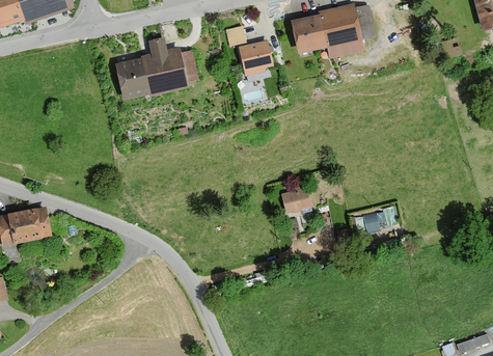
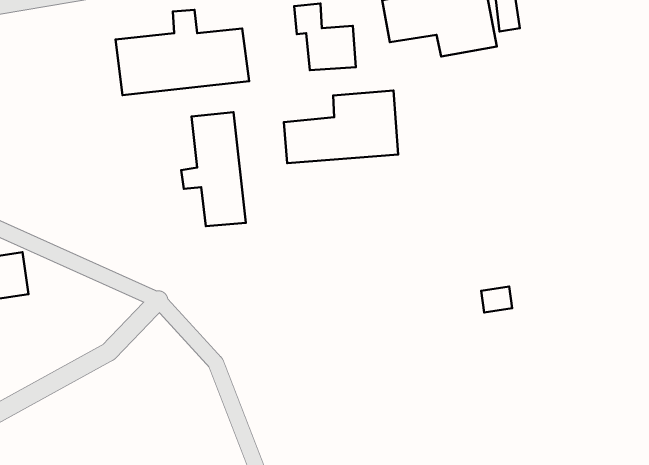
building: none -> [284,91,398,163]
building: none -> [181,112,246,226]
building: [272,186,309,218] -> none

